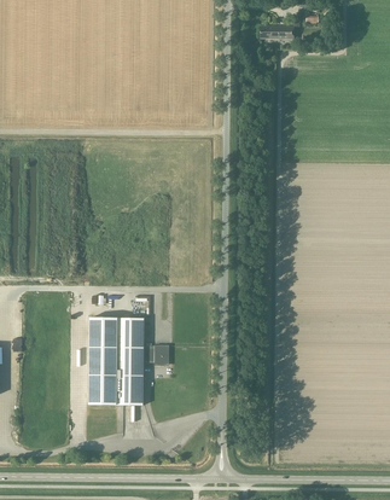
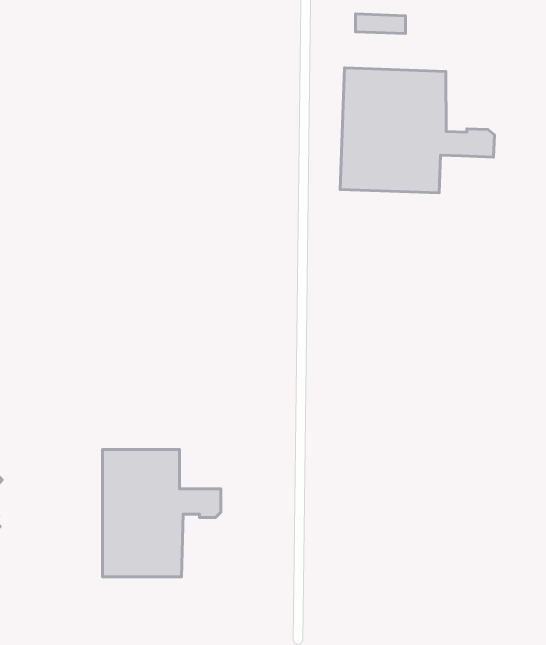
building: none -> [340,68,494,193]

